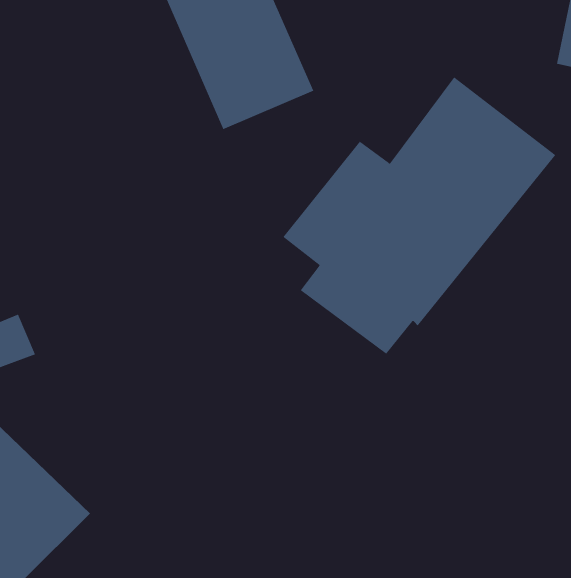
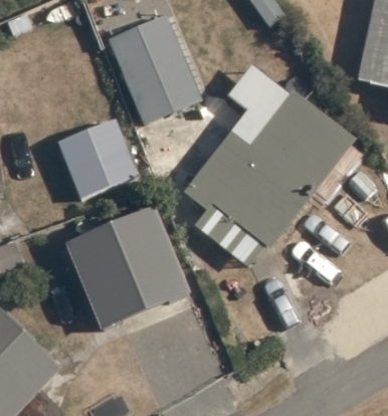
building: none -> [57,117,139,197]
building: none -> [65,206,192,329]

